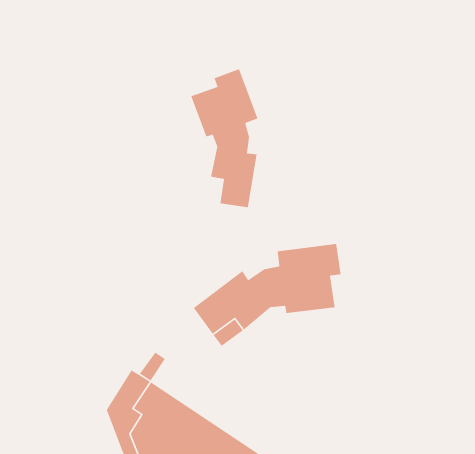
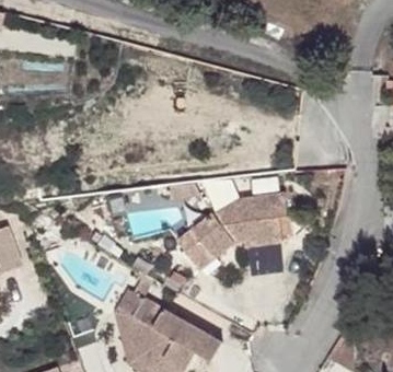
building: [190,68,258,208] -> none

